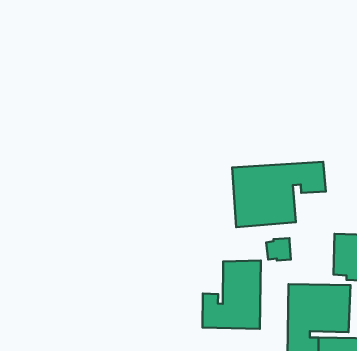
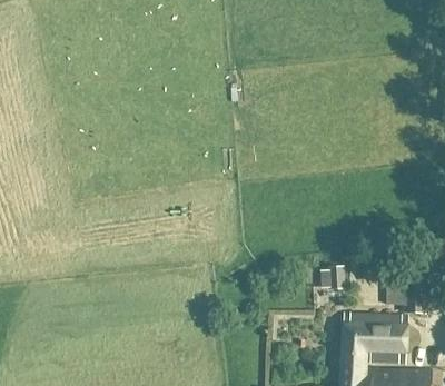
building: [232,162,326,227] -> none
building: [203,261,261,329] -> none

